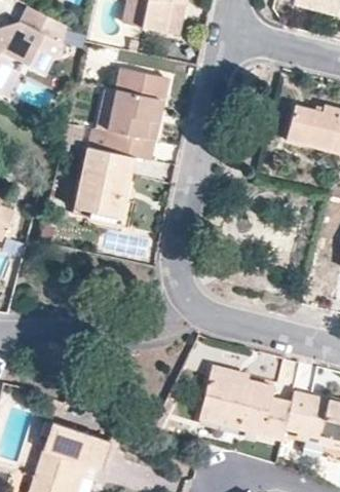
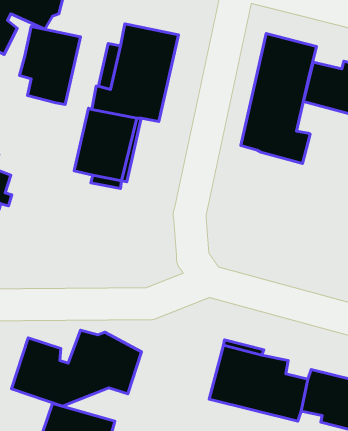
building: none -> [20,26,81,104]
building: none -> [241,33,317,164]
building: none -> [12,330,142,406]

